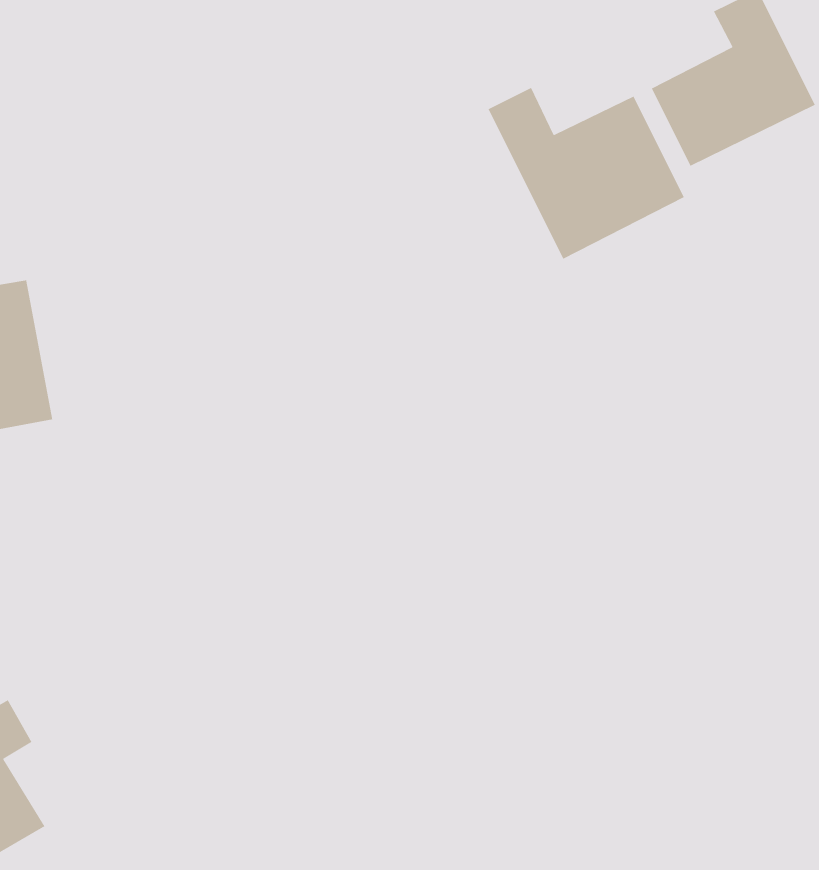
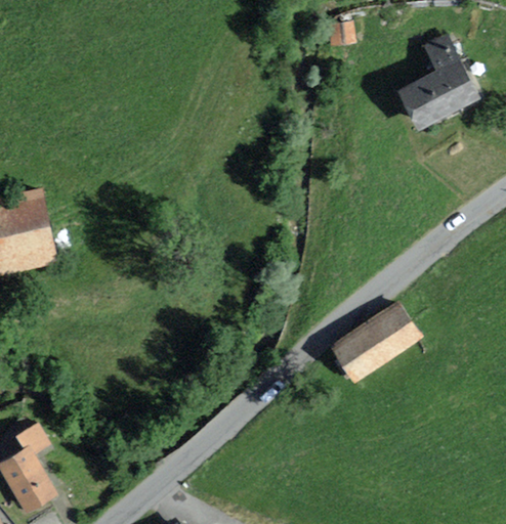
building: [487,87,685,260] -> none
building: none -> [331,304,421,384]

